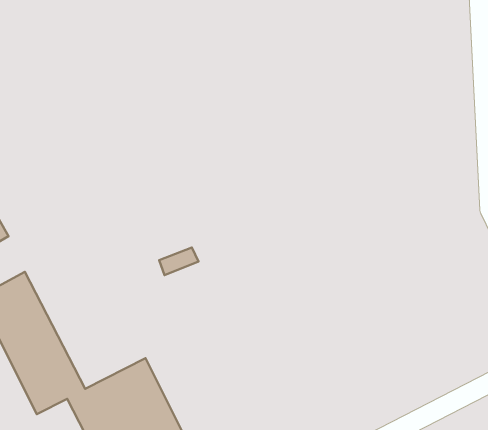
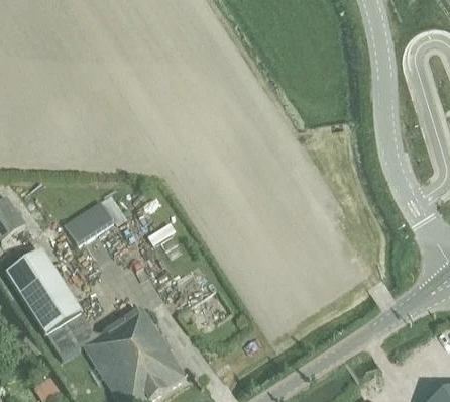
building: none -> [64,199,114,244]

